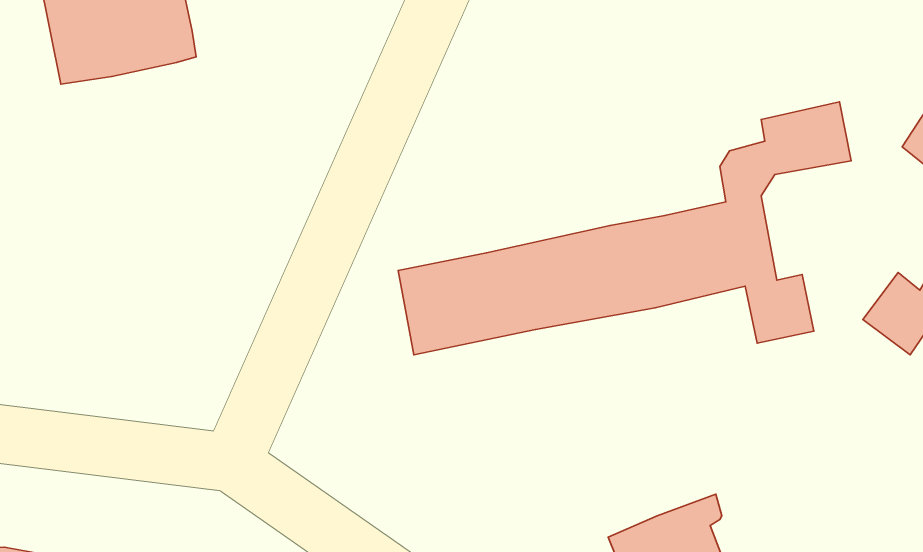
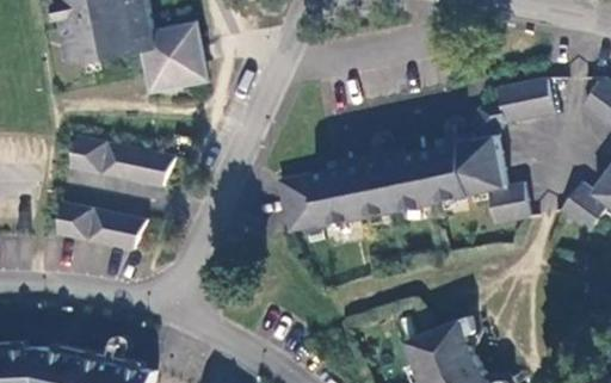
building: none -> [142,27,203,91]
building: none -> [68,137,172,187]
building: none -> [53,203,142,251]

